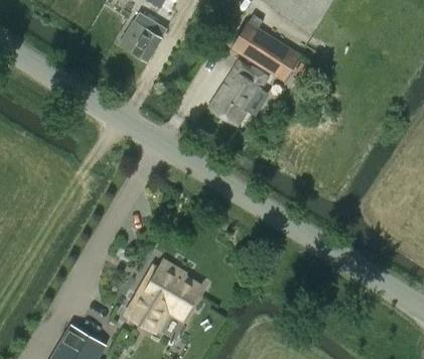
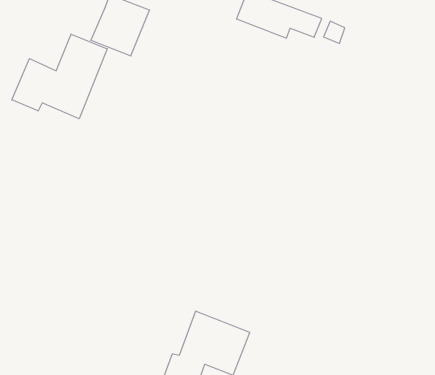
building: none -> [12,34,107,119]
building: [208,57,270,125] -> none

